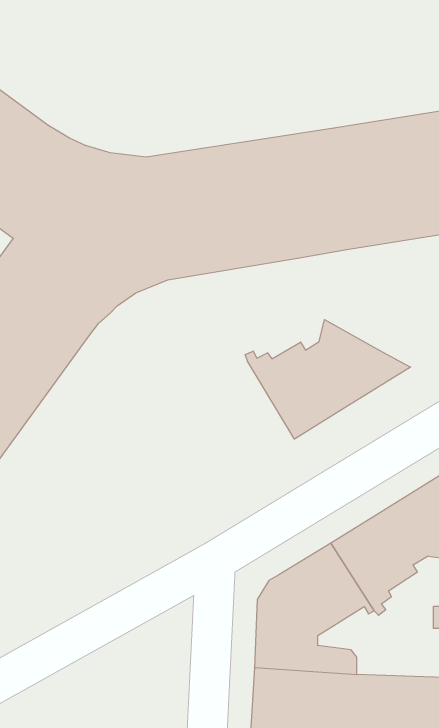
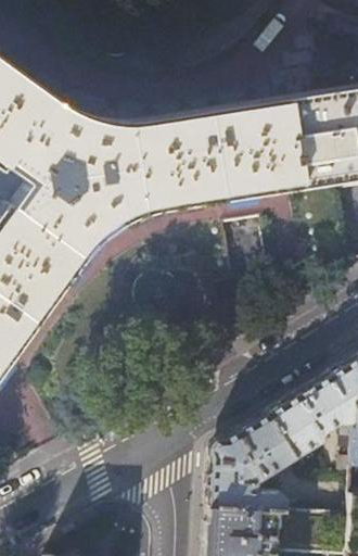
building: [245,320,411,439] -> none

